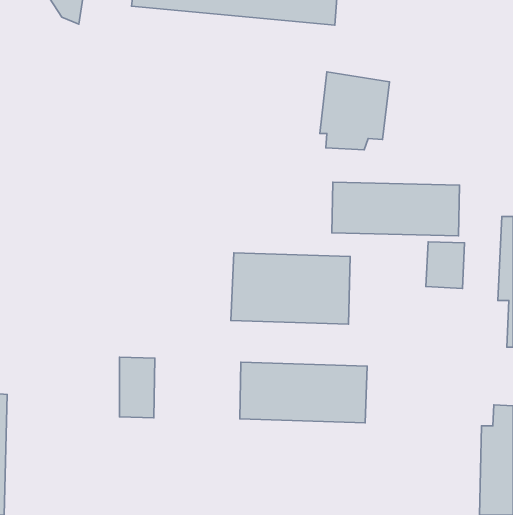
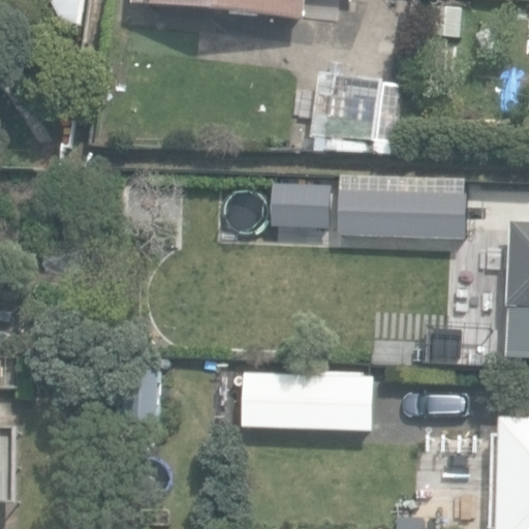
building: [231,253,350,324] -> none

